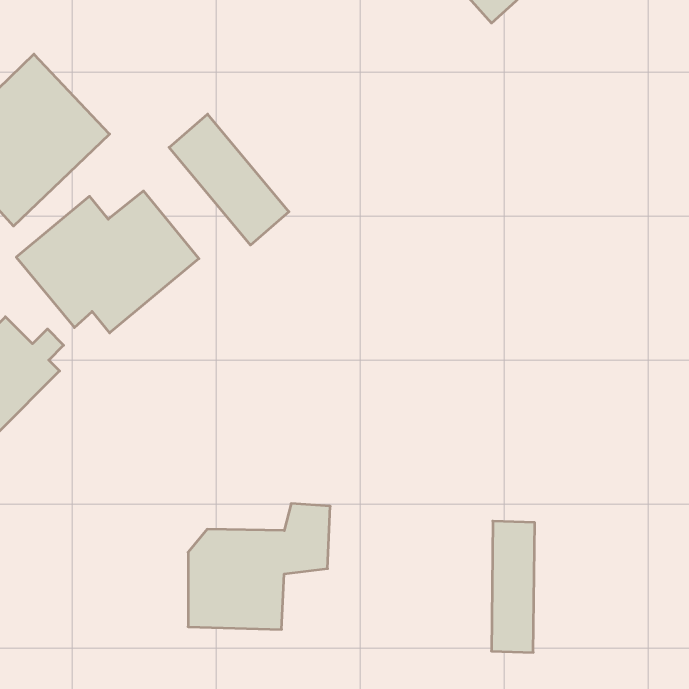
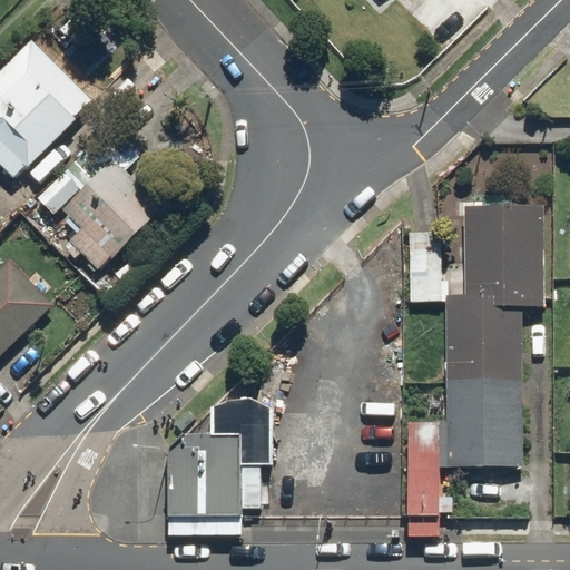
building: [169,114,289,245] -> none
building: none -> [446,203,543,464]

